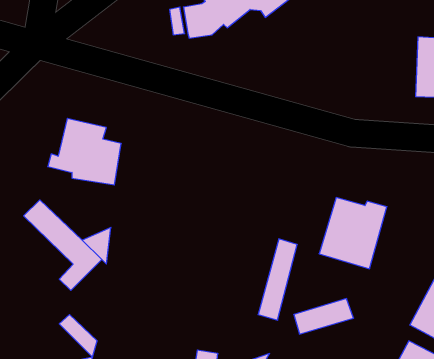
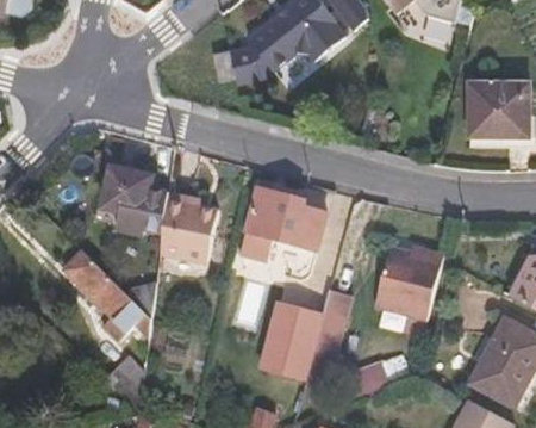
building: none -> [247,186,325,255]
building: none -> [160,193,217,265]
building: none -> [260,280,330,371]

